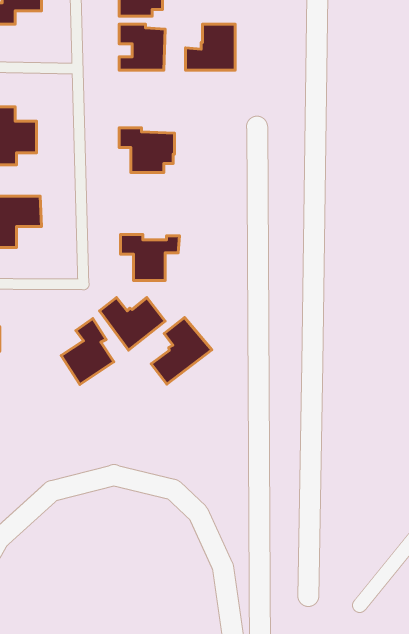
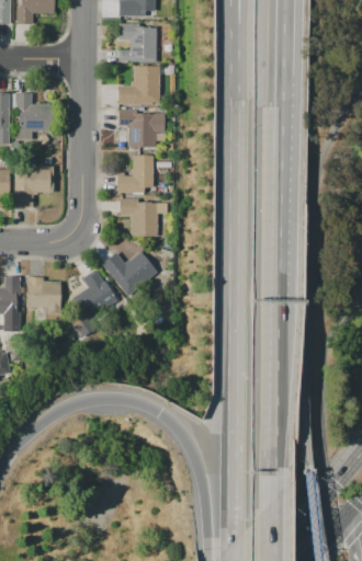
building: [185,24,235,70] -> [118,66,160,104]
building: none -> [117,154,154,193]
building: [151,317,212,384] -> none
building: none -> [26,276,60,309]

